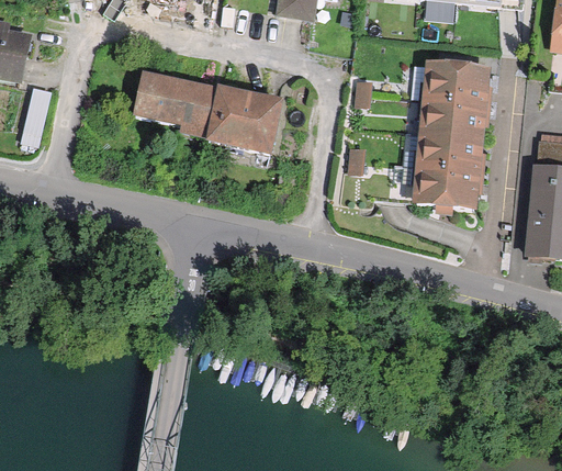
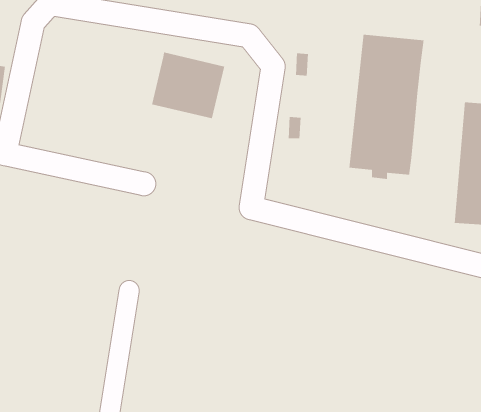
building: [135,69,217,136] -> none

